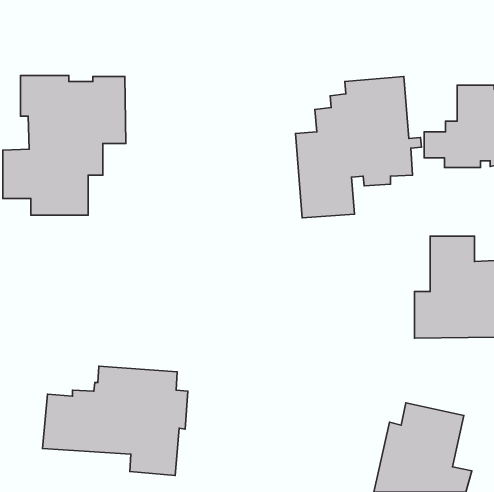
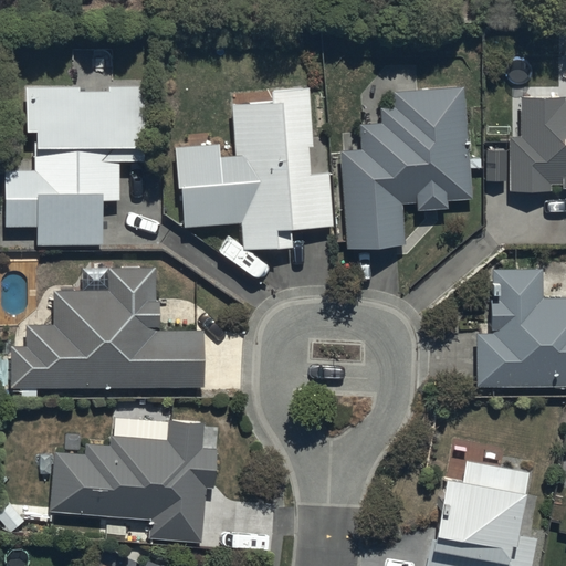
building: none -> [176,88,333,253]
building: none -> [10,270,203,386]

